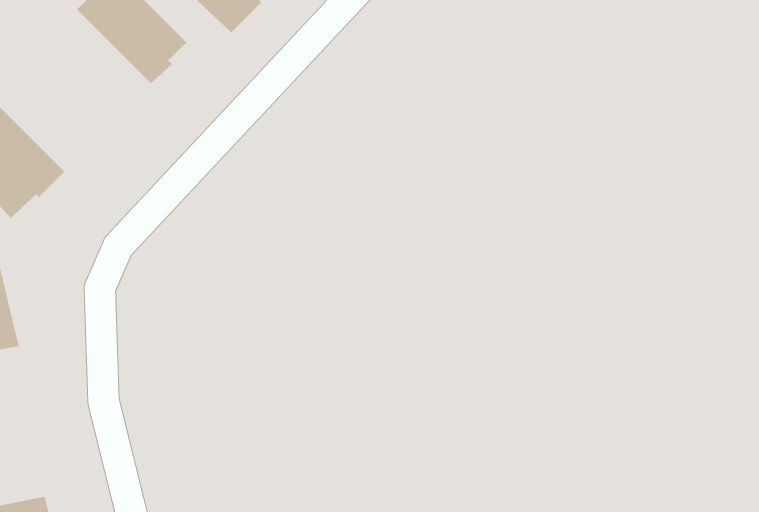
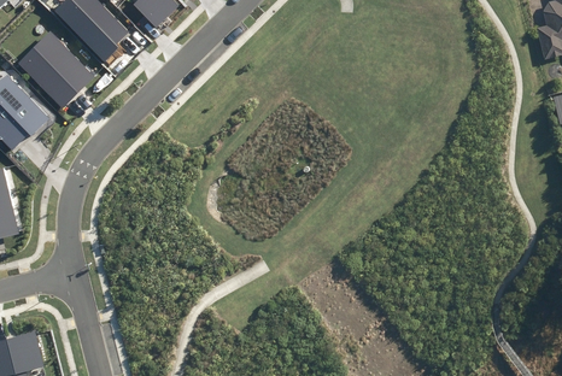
building: none -> [19,33,94,107]

